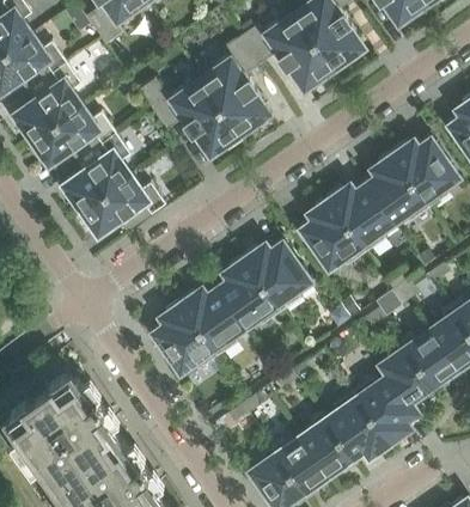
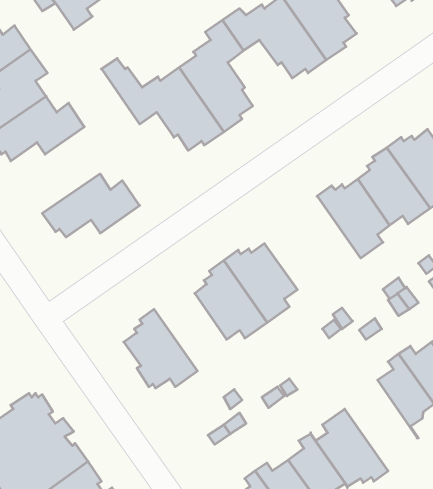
building: [63,134,130,213] -> none
building: [299,197,366,269] -> none
building: [178,286,244,356] -> none
building: [352,365,417,447] -> none

